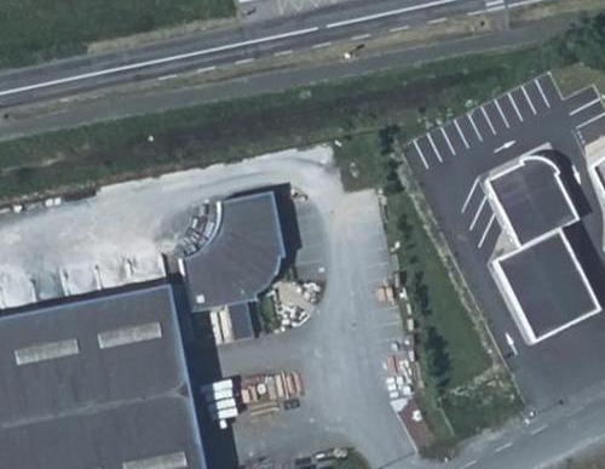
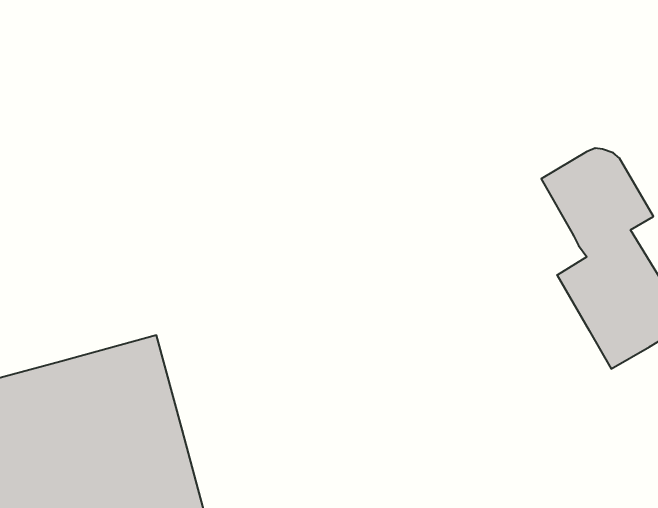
building: [178,193,282,315] -> none

